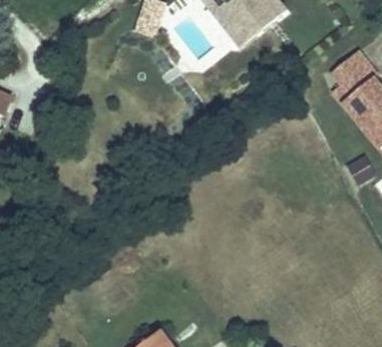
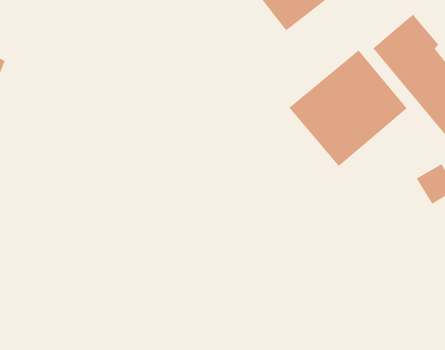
building: none -> [289,49,407,167]

